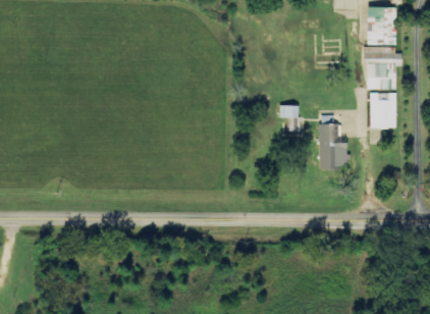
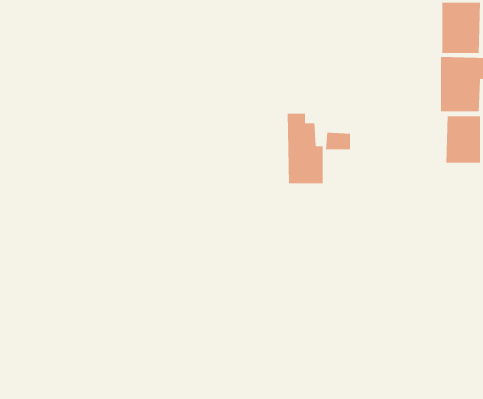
building: [319,116,346,169] -> [287,113,323,184]

